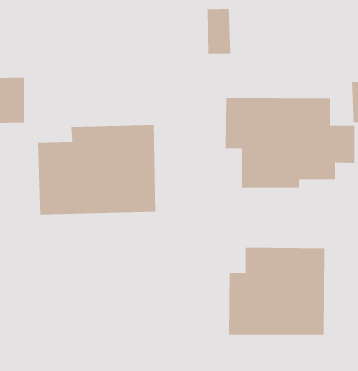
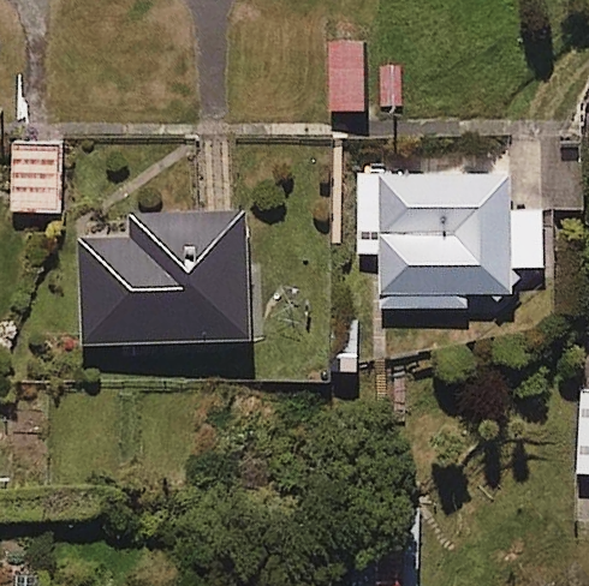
building: [229,247,325,335] -> none

